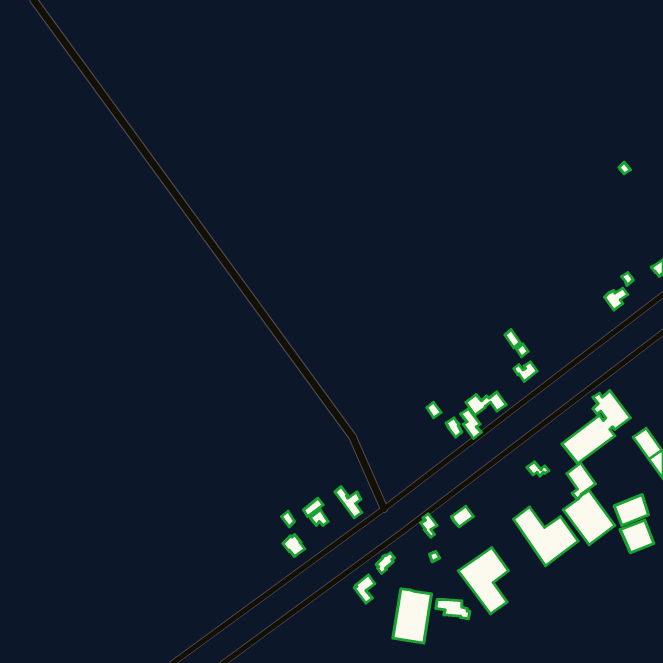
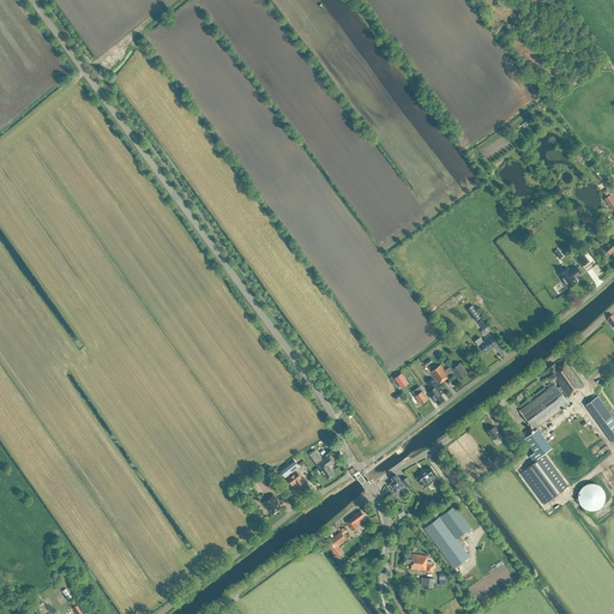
building: [614,494,649,525] -> none
building: [513,507,578,566] -> none
building: [393,589,432,643] -> none

